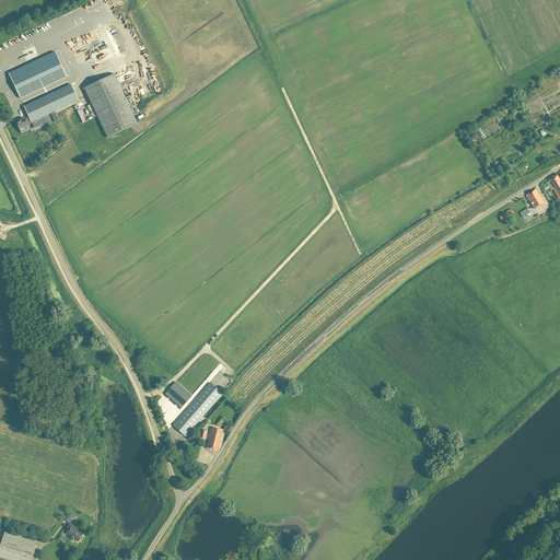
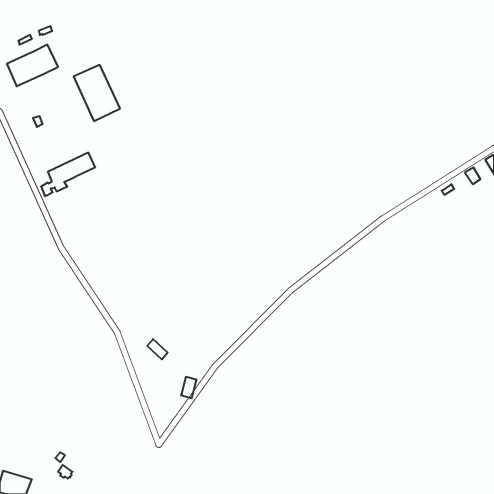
building: [15,83,77,132] -> [41,153,95,196]
building: [172,382,221,435] -> none

